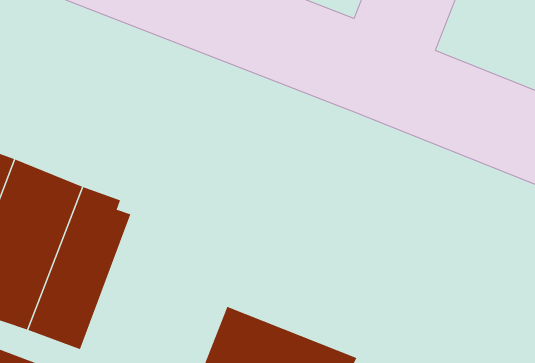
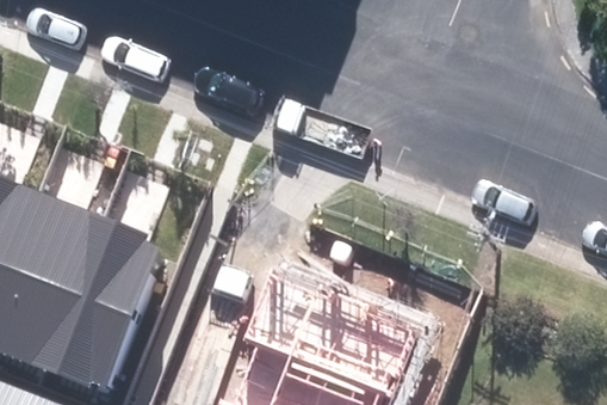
building: none -> [248,271,421,398]

